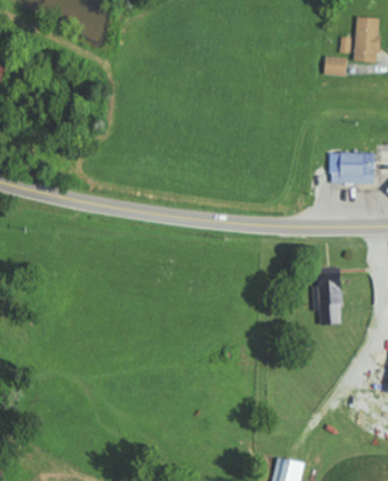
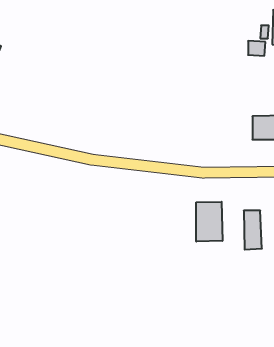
building: none -> [196,202,222,242]

